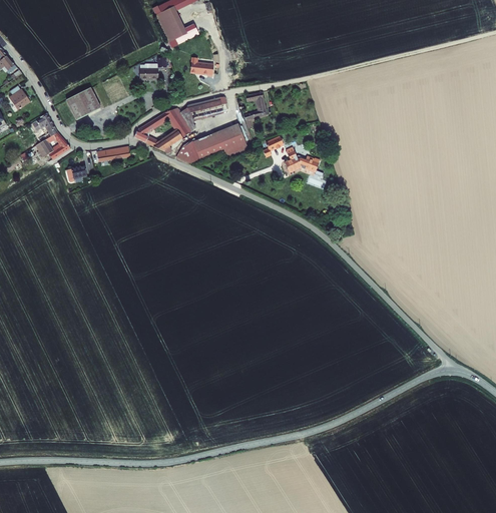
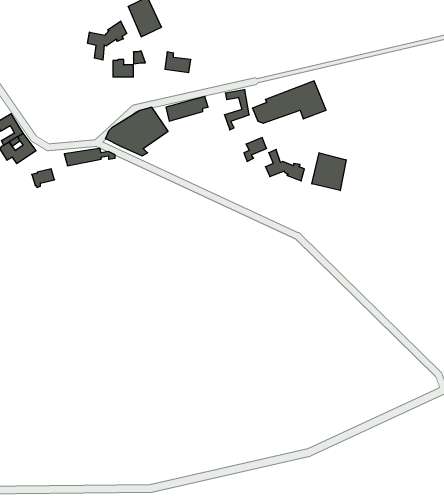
building: none -> [88,21,127,60]
building: [67,87,101,119] -> none
building: [181,123,250,162] -> [252,81,326,123]
building: none -> [312,153,346,191]

